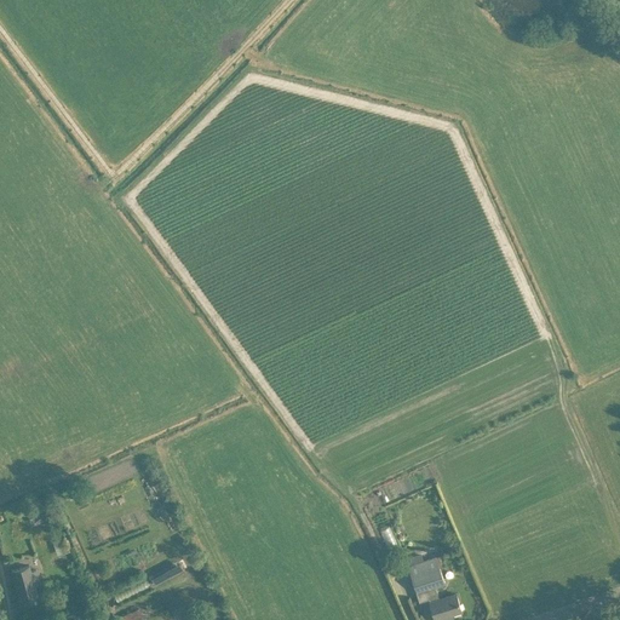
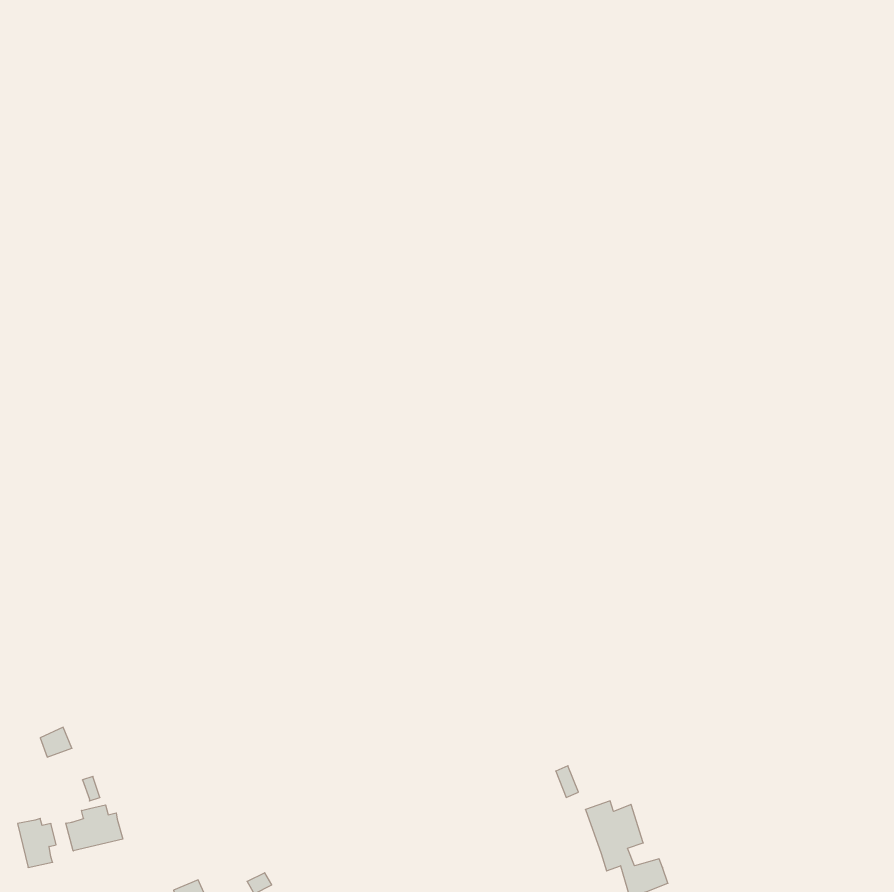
building: none -> [66,805,123,851]

